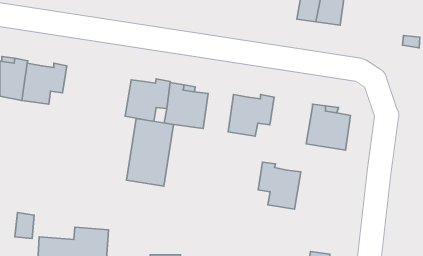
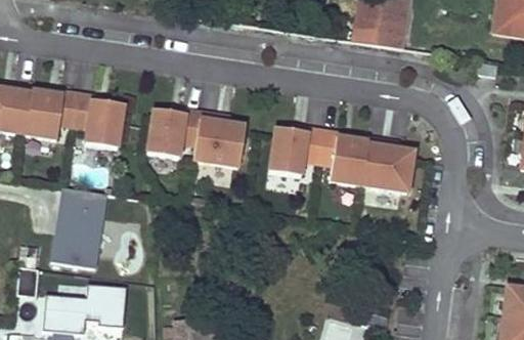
building: none -> [75,94,125,148]
building: [127,119,173,186] -> [53,188,108,268]
building: [258,162,301,209] -> [319,131,369,186]

